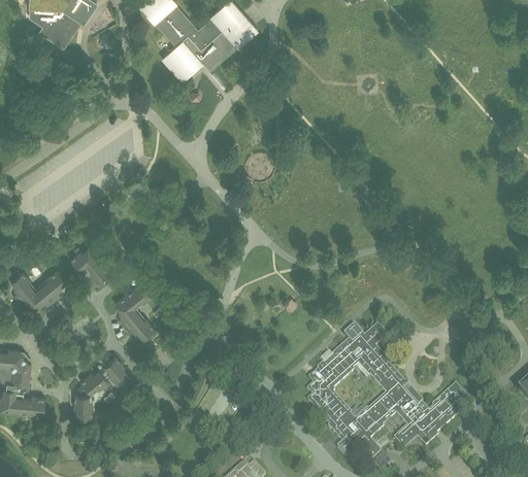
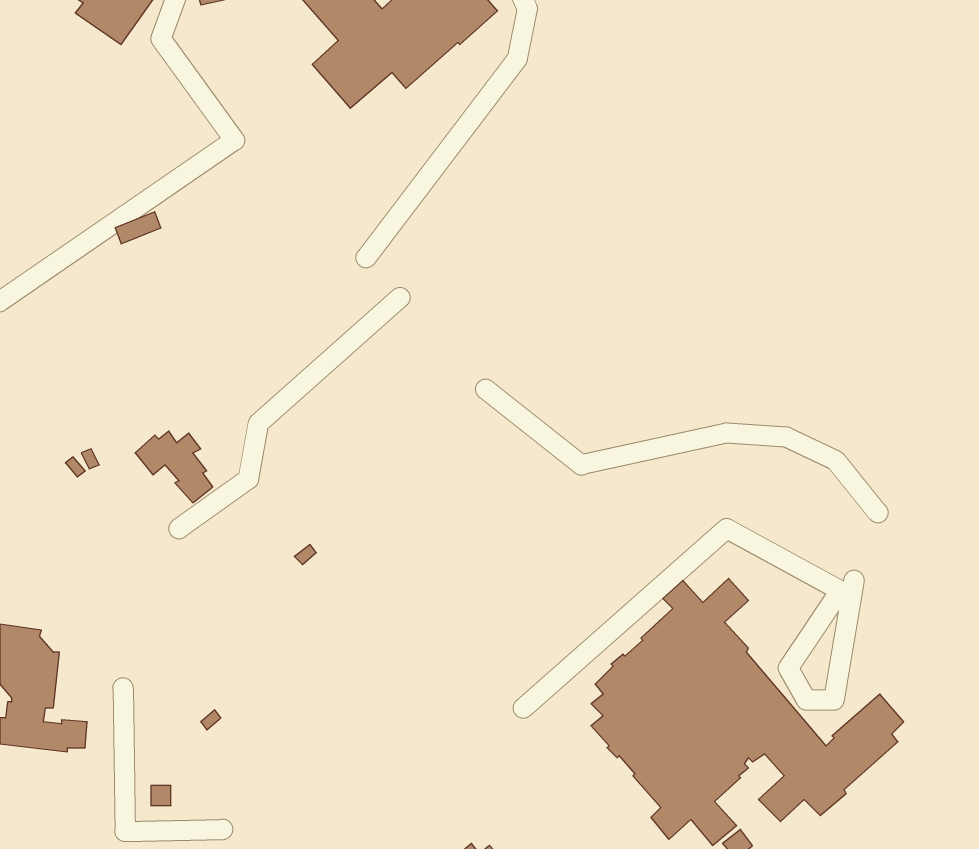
building: [8,270,70,310] -> none
building: [116,283,156,342] -> none
building: [74,357,131,422] -> none

